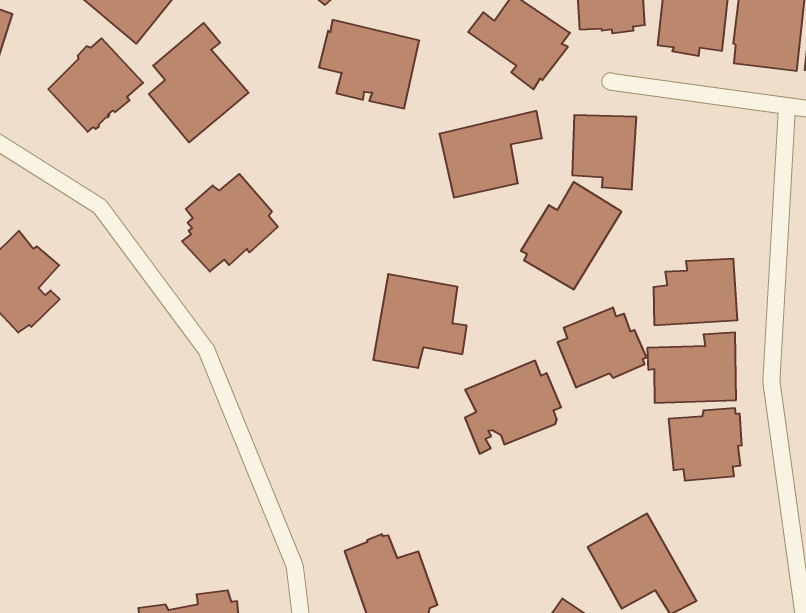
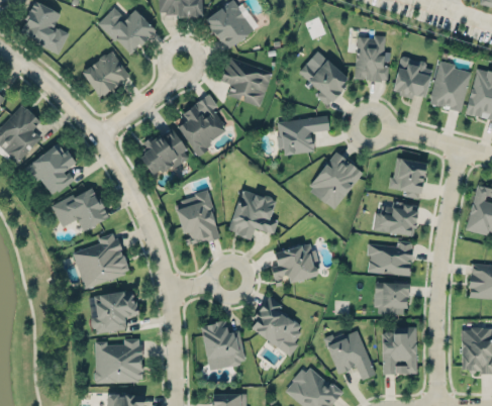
building: [149,23,249,142] -> [178,94,228,154]
building: [572,115,636,189] -> [390,158,426,199]
building: none -> [174,189,220,246]
building: [558,307,646,388] -> none
building: none -> [51,188,109,231]
building: none -> [73,232,128,288]
building: none -> [251,295,300,356]
building: none -> [382,327,416,374]
building: none -> [89,291,138,333]

